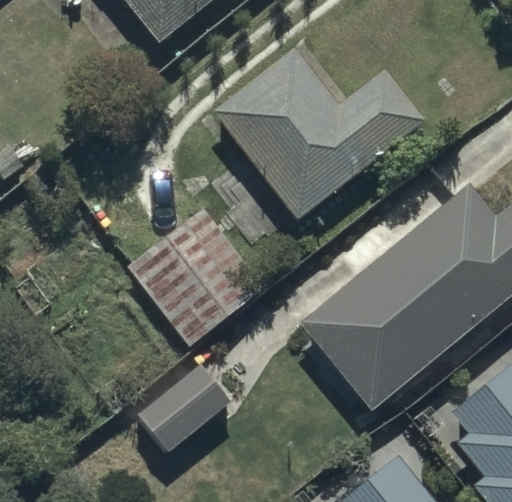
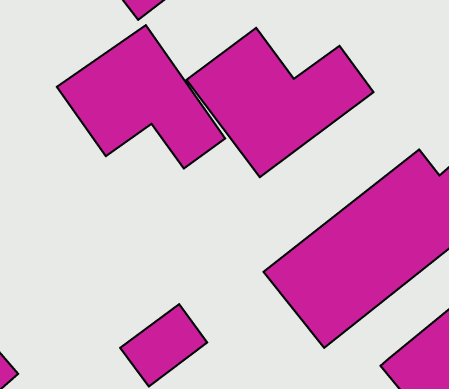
building: none -> [57,25,225,168]
building: [124,207,266,348] -> none

